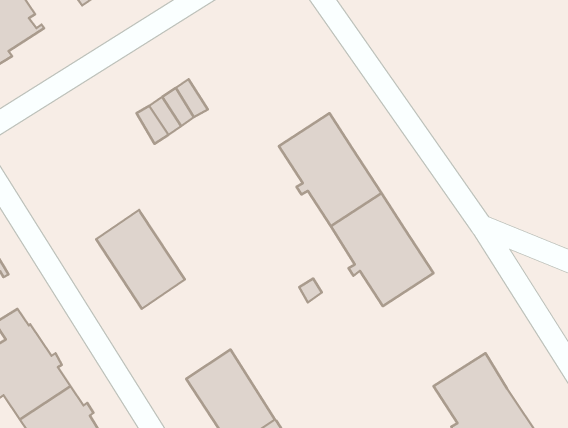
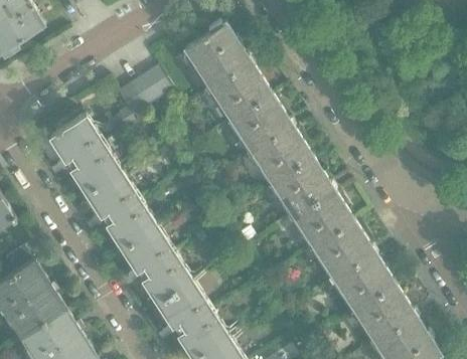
building: none -> [184,22,271,120]
building: none -> [48,116,120,193]
building: none -> [313,220,395,310]
building: none -> [122,225,192,304]

